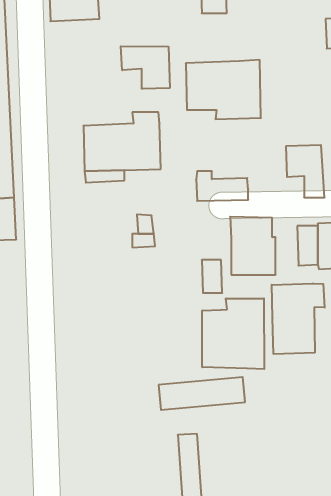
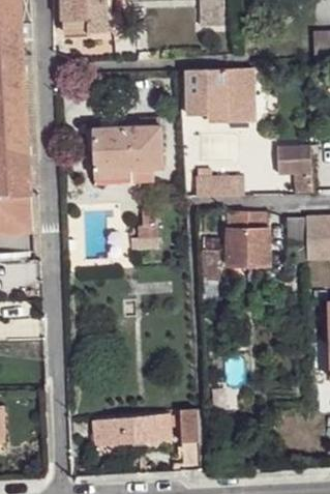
building: [121,46,170,89] -> none
building: [272,283,325,354] -> none
building: [202,298,264,369] -> none
building: [159,377,245,410] -> [92,415,171,445]

